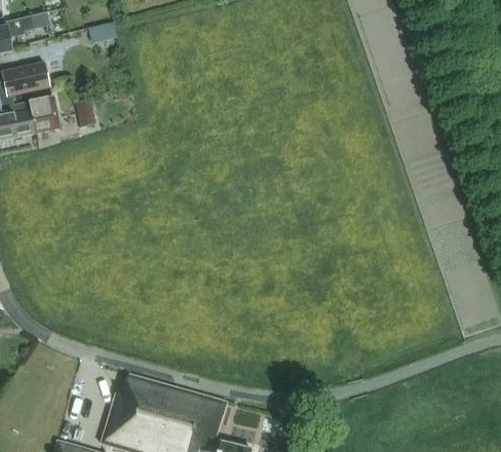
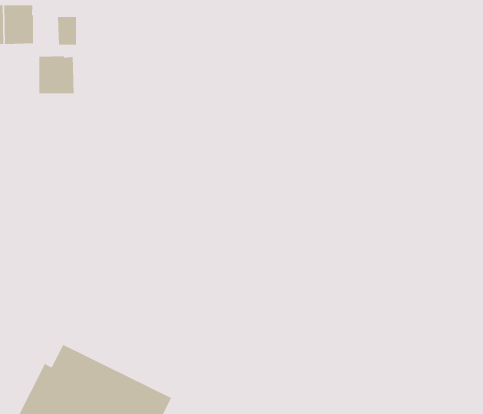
building: none -> [39,56,74,94]

